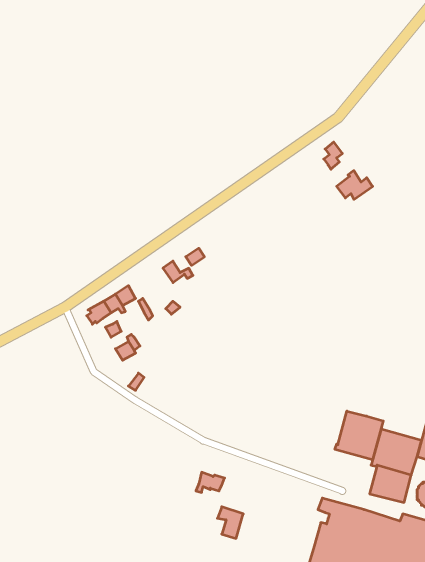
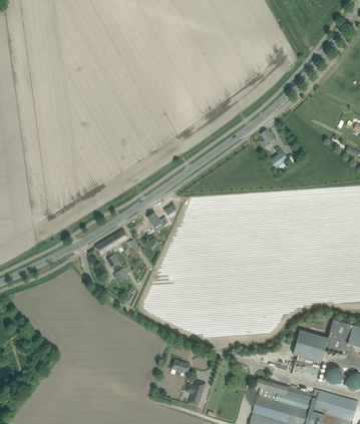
building: [335,411,383,460] -> none

